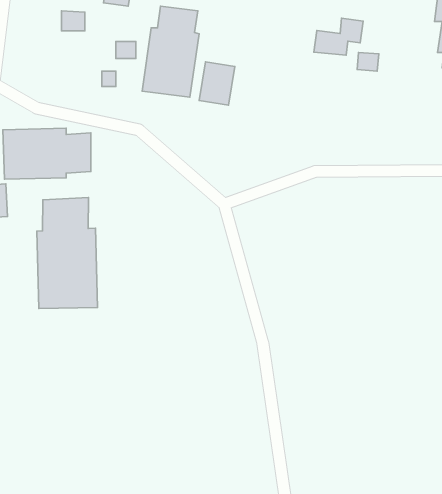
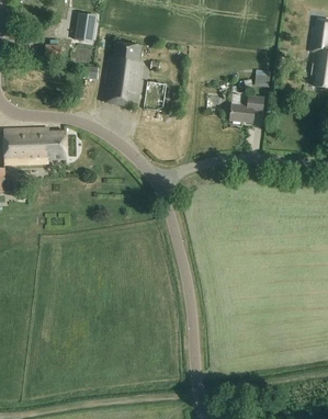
building: [314,18,363,55] -> [229,94,264,121]
building: [37,197,97,309] -> none

